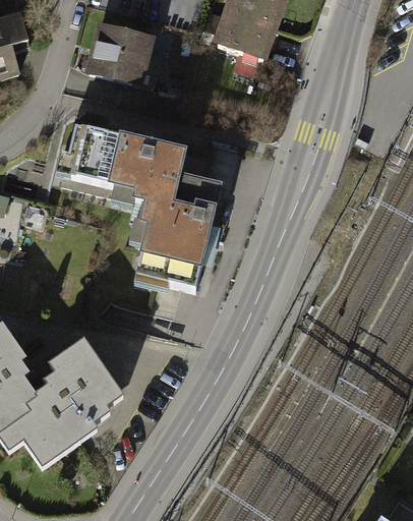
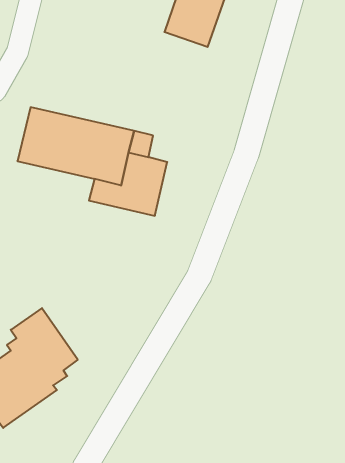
building: [84,19,157,85] -> none
building: [129,223,204,285] -> none

